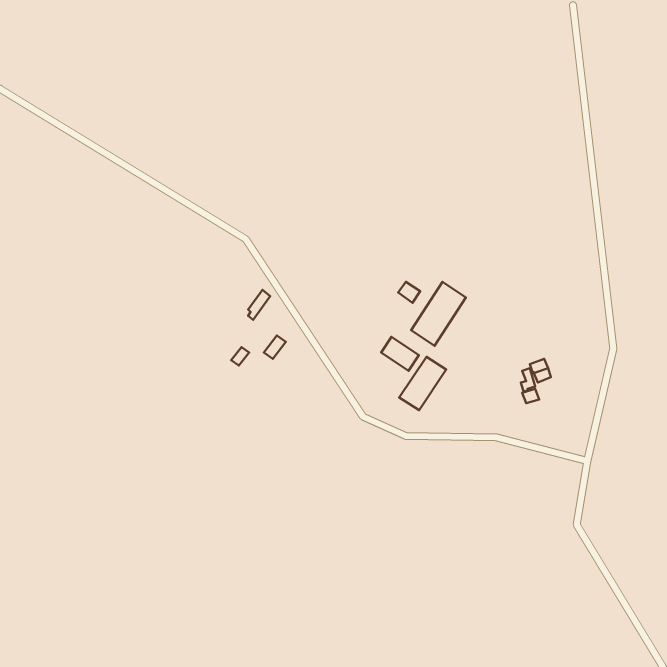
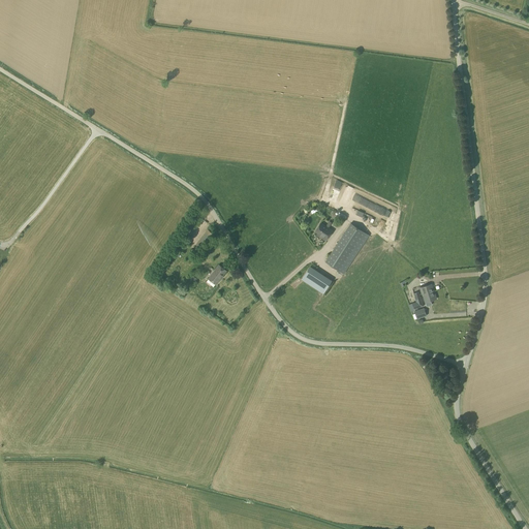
building: [399,357,446,410] -> none

